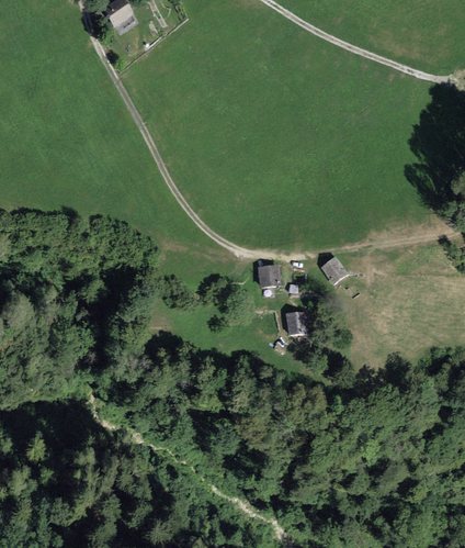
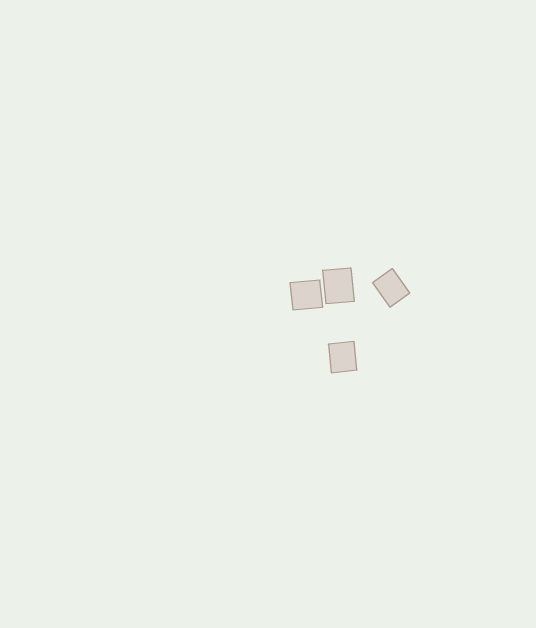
building: none -> [323,268,354,304]

